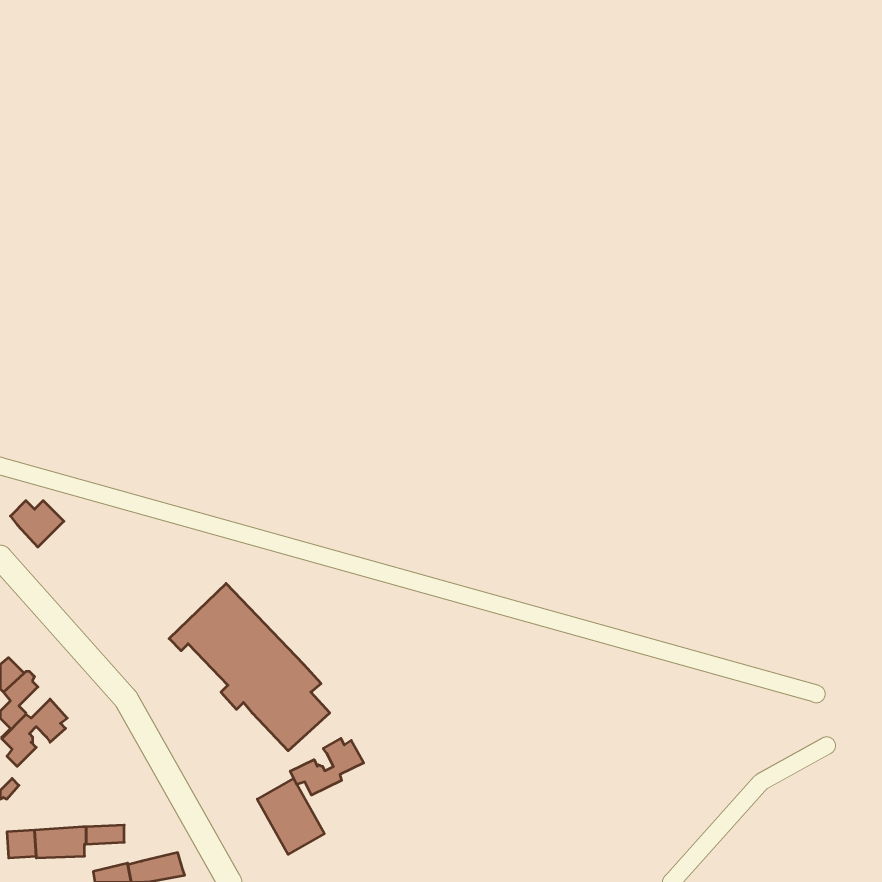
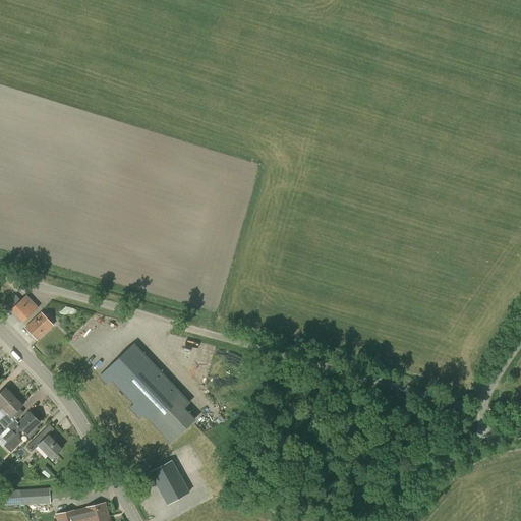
building: none -> [24,312,53,341]
building: none -> [26,432,61,459]
building: [290,738,364,795] -> none

